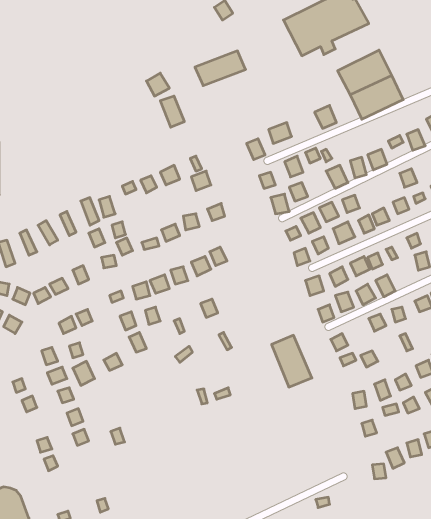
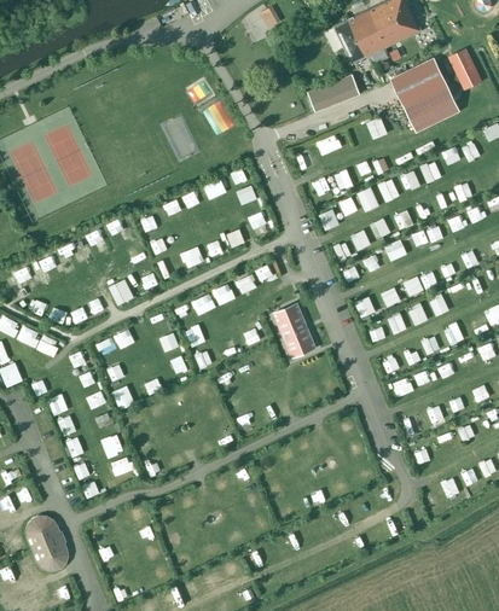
building: none -> [447,48,481,89]
building: [195,51,246,86] -> [307,75,360,111]
building: [272,335,312,387] -> [273,303,315,357]

